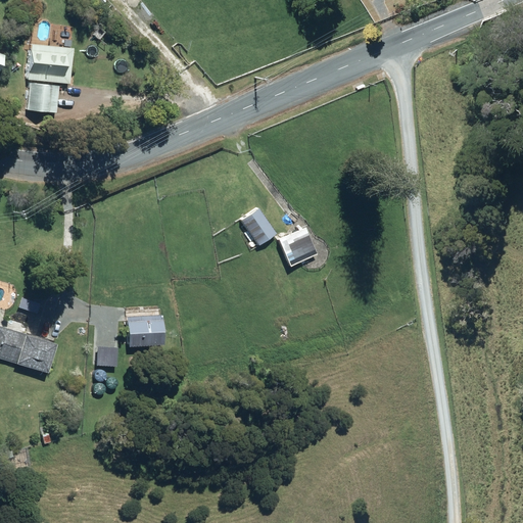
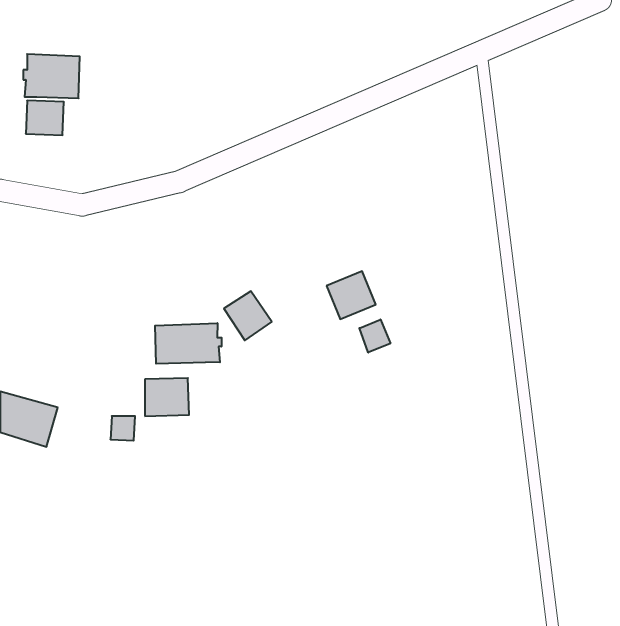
building: [241,205,281,246] -> [224,291,272,340]
building: none -> [359,319,390,353]
building: none -> [155,323,222,364]

